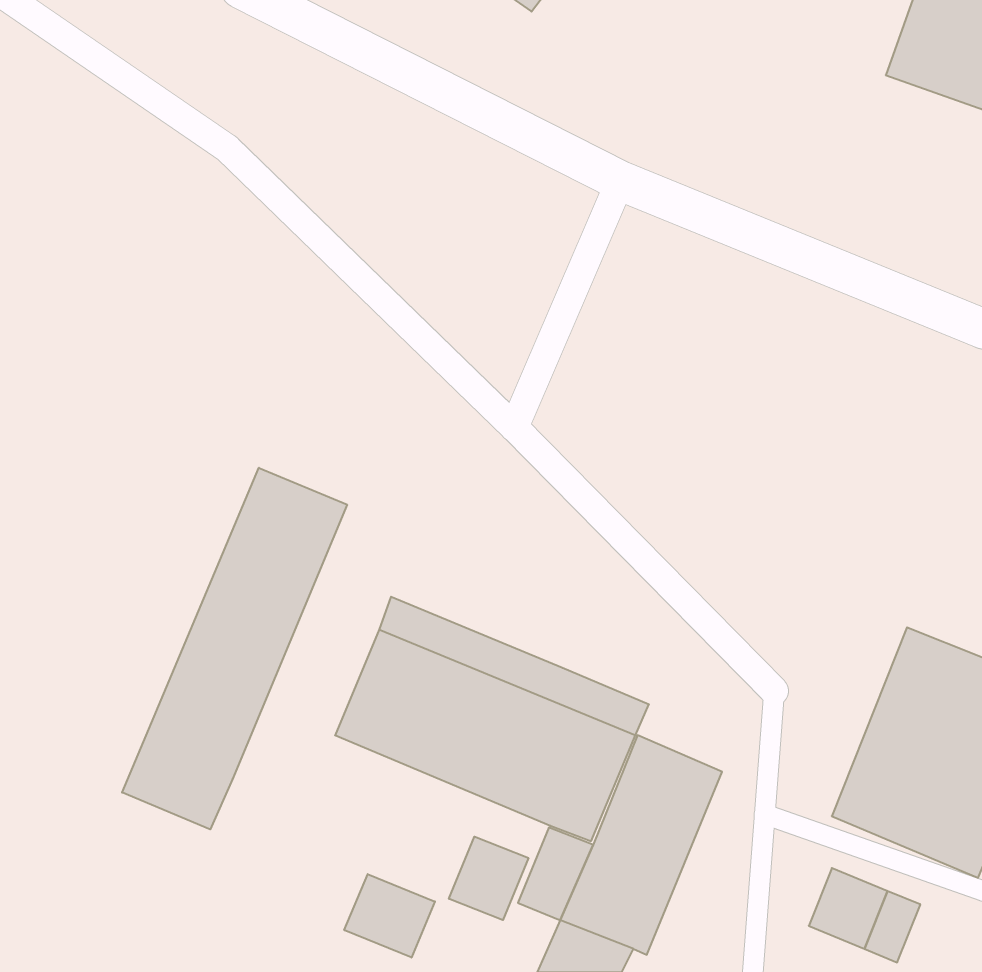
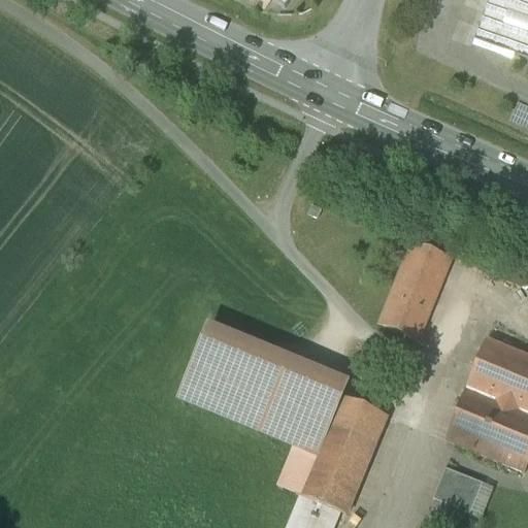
building: none -> [380,240,451,338]
building: [122,468,347,829] -> none
building: [449,837,528,920] -> none
building: [344,874,435,958] -> none

